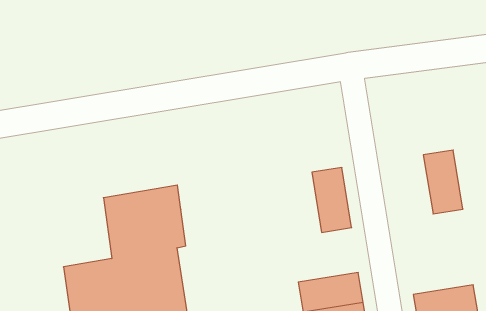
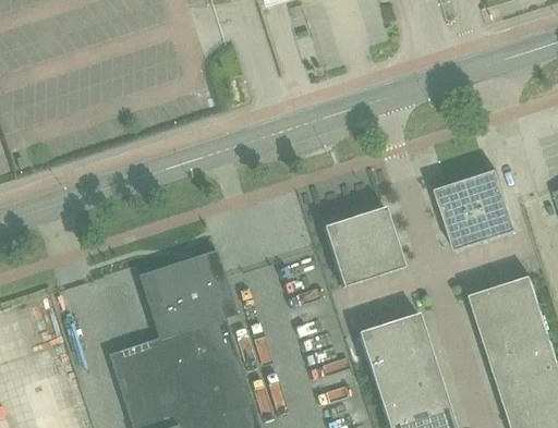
building: none -> [436,180,486,250]
building: none -> [323,216,373,286]
building: none -> [469,276,539,327]

